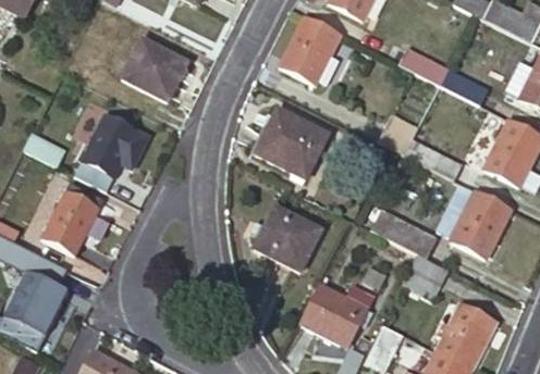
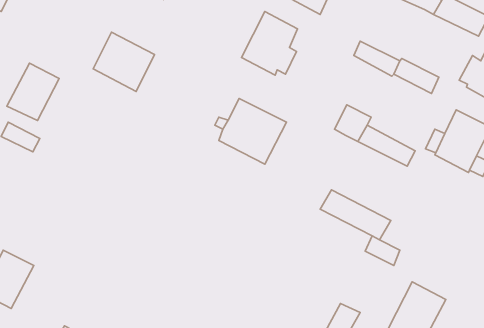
building: [82,115,137,176] -> [7,63,59,121]
building: [438,184,512,258] -> none
building: [42,191,98,254] -> none
building: [254,205,321,271] -> none
building: [302,284,372,347] -> none

